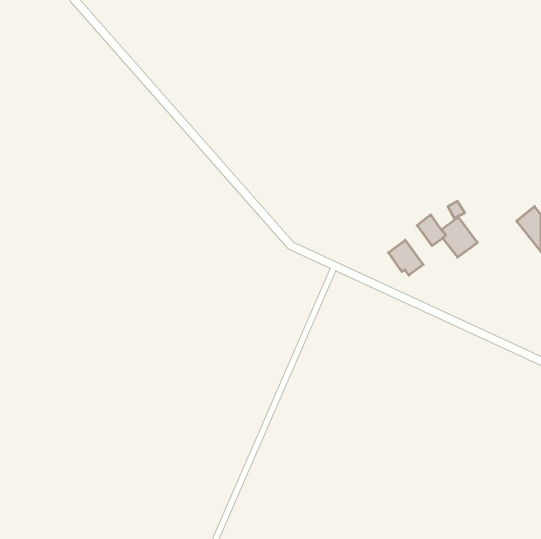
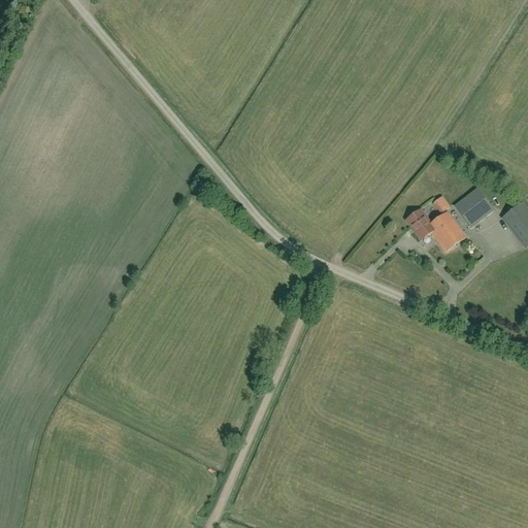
building: none -> [454,188,493,226]
building: [388,240,423,275] -> none

